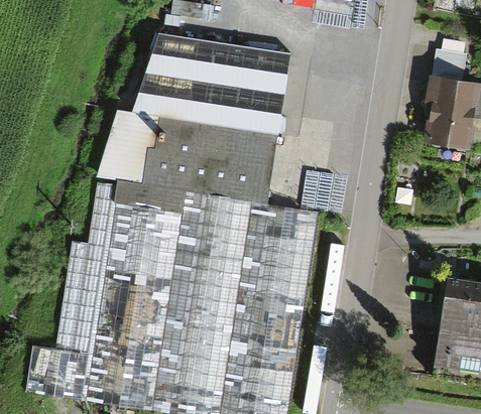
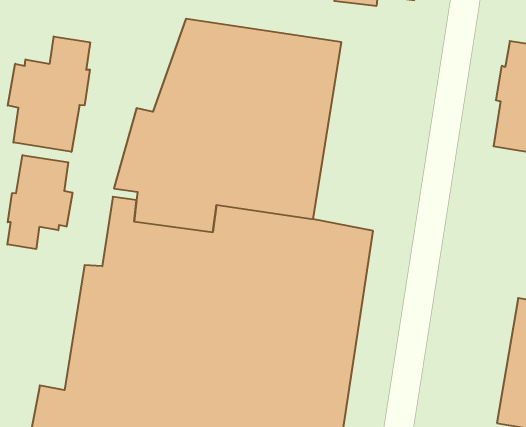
building: none -> [8,36,90,152]
building: none -> [7,155,72,249]

